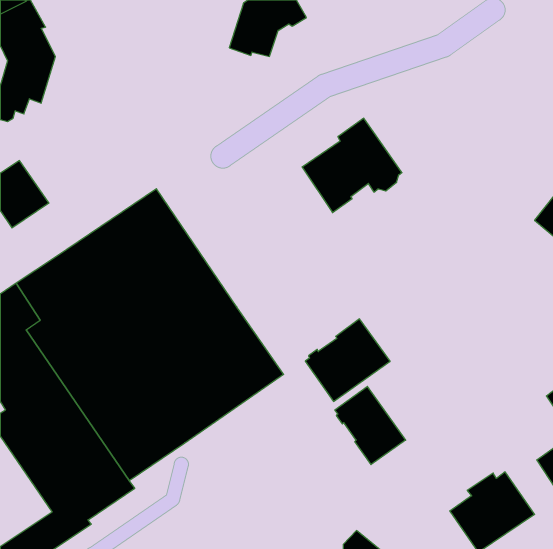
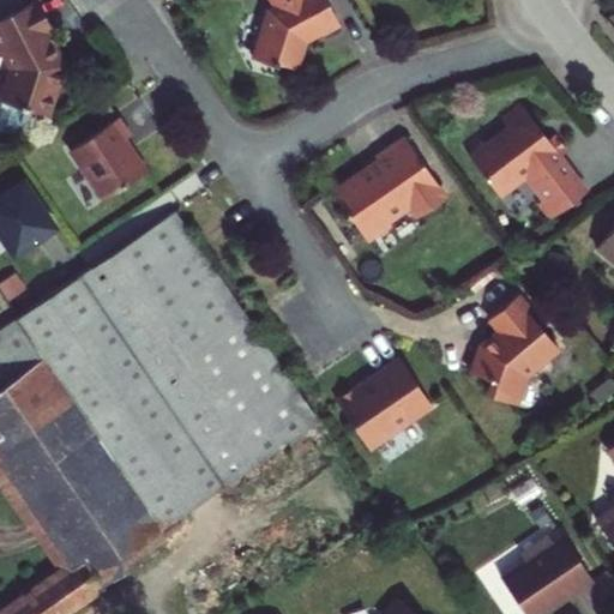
building: none -> [468,106,584,219]
building: none -> [70,121,148,203]
building: none -> [470,291,558,399]
building: [335,386,406,465] -> none

